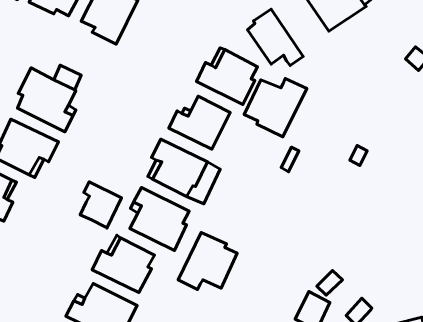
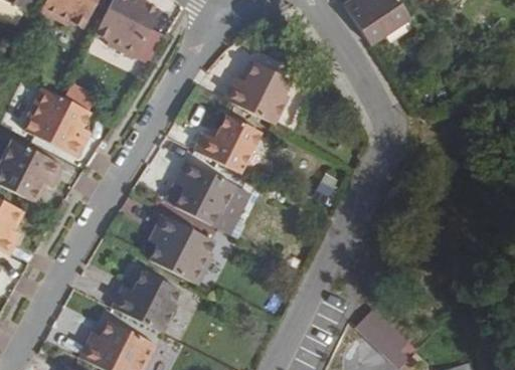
building: [247,9,303,65] -> none
building: [244,78,307,137] -> none
building: [80,182,121,228] -> none
building: [178,233,237,290] -> none
building: none -> [366,318,405,357]

